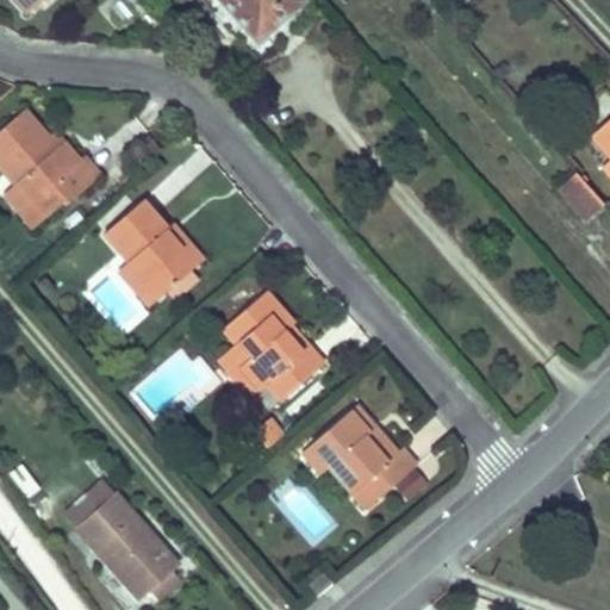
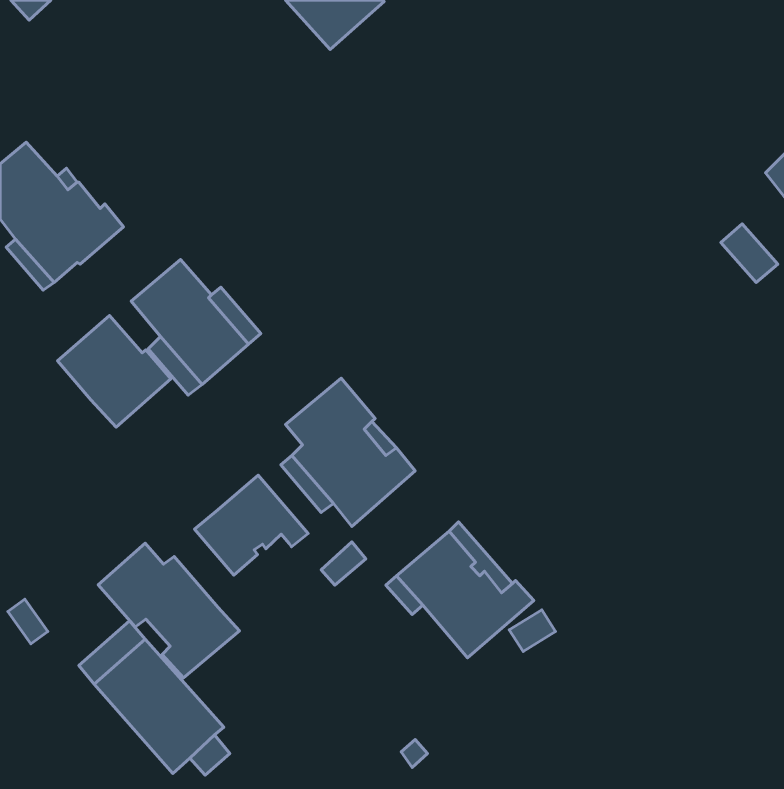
building: none -> [57,315,171,427]
building: none -> [194,475,308,575]
building: none -> [98,543,240,678]

